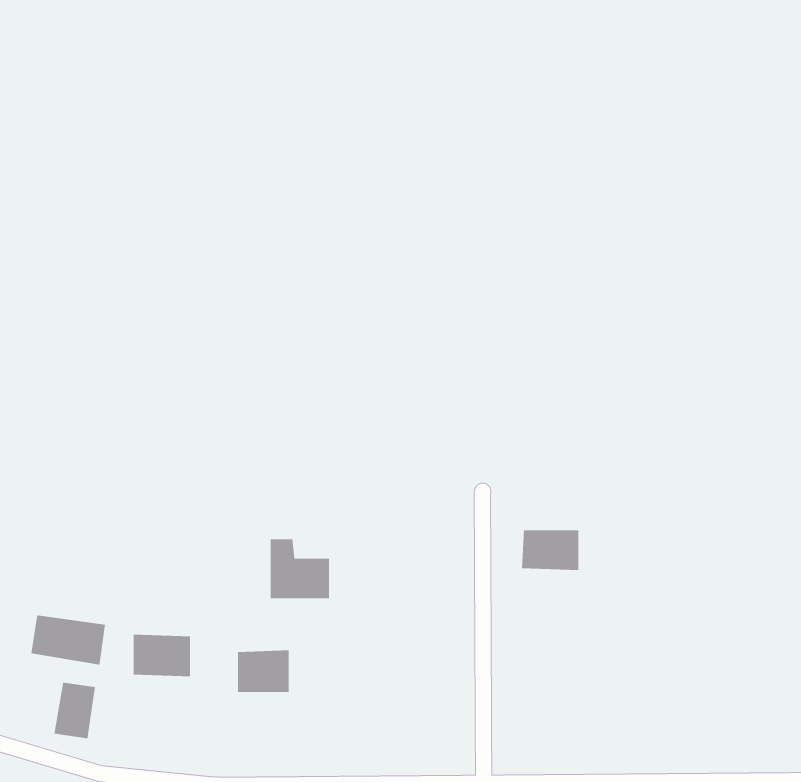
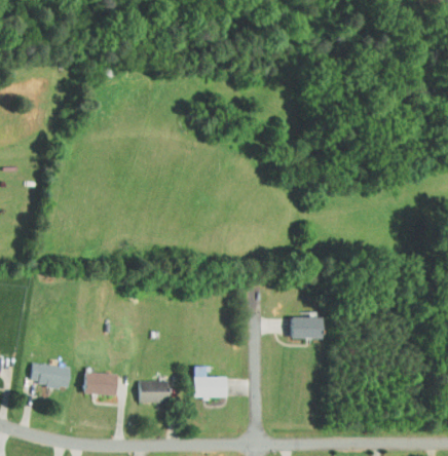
building: [270,539,330,599] -> [193,366,225,397]
building: [54,682,95,739] -> none

